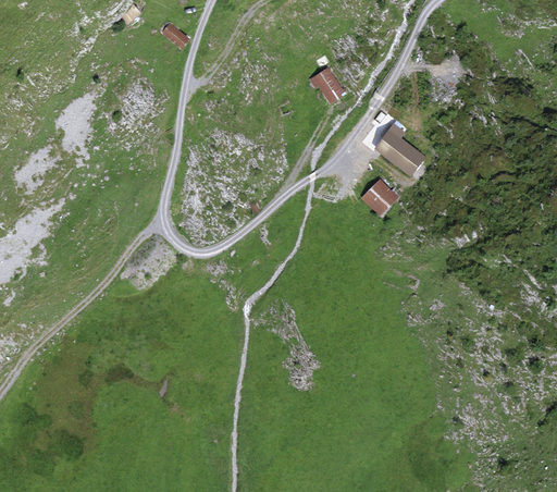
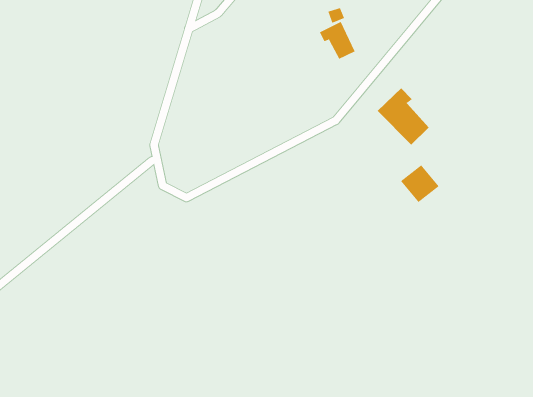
building: [361,179,399,216] -> [400,165,439,203]

